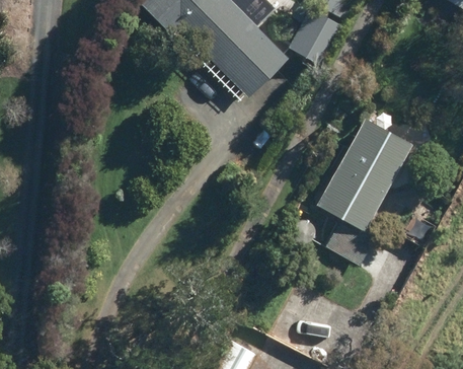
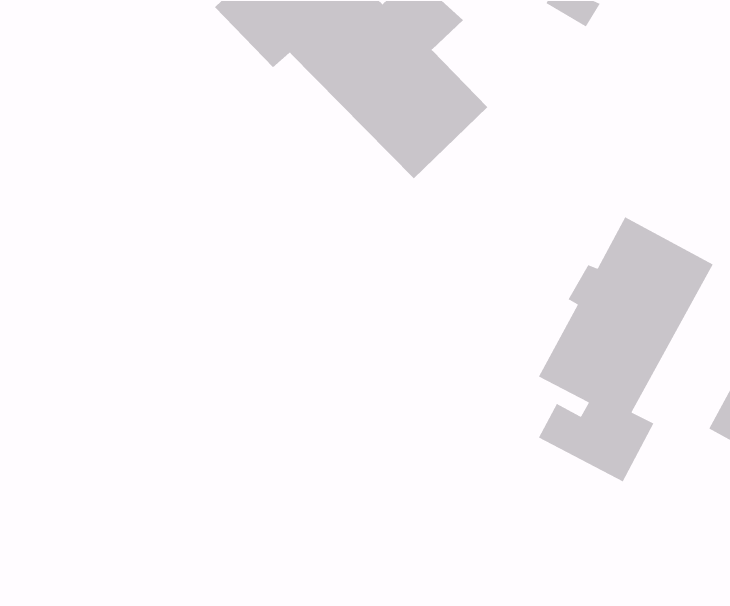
building: [291,7,344,64] -> none

